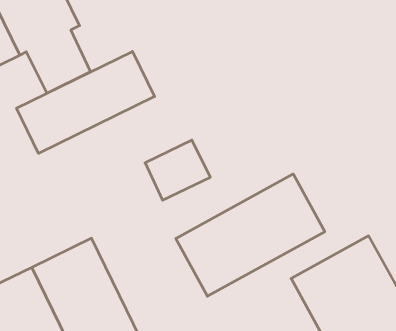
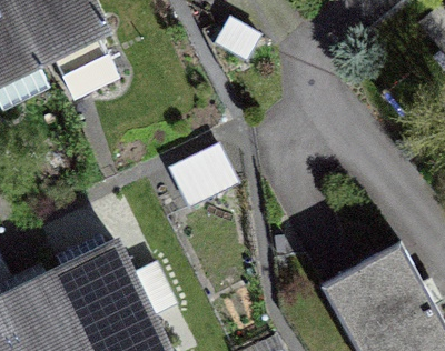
building: [17,51,155,153] -> none
building: [176,174,325,296] -> none

